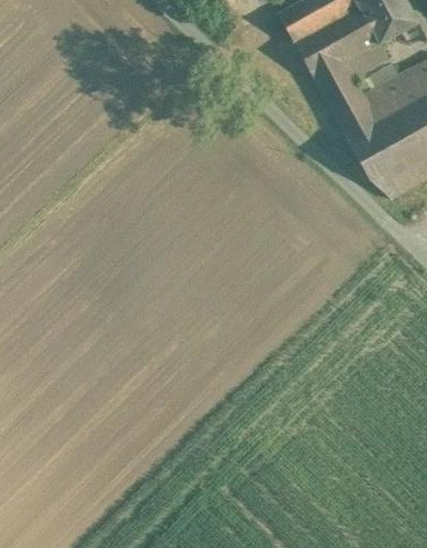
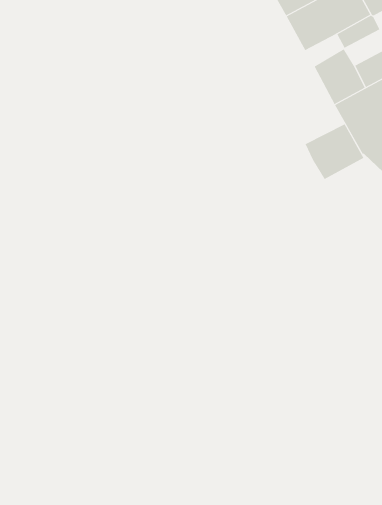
building: [310,52,349,84] -> none
building: none -> [305,124,364,180]

